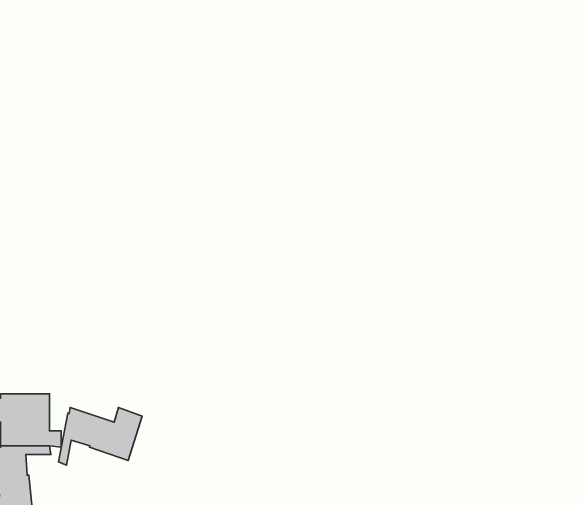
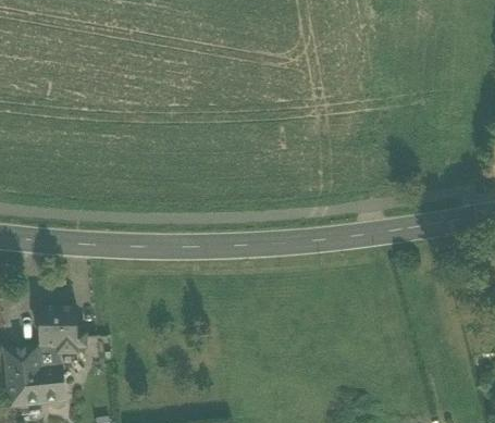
building: [59,408,142,465] -> none

